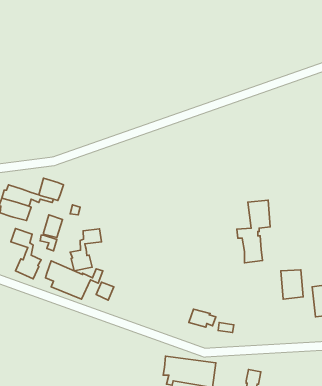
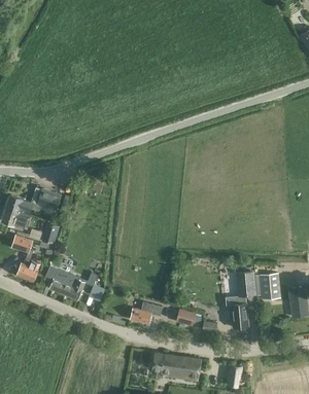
building: [237,200,270,263] -> [225,270,255,327]
building: [70,229,101,271] -> none
building: none -> [129,300,161,323]

